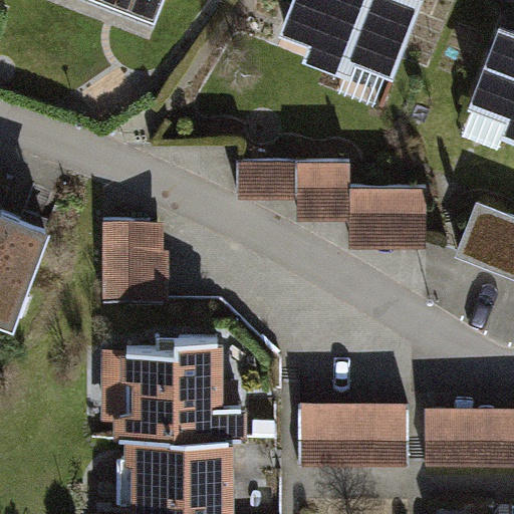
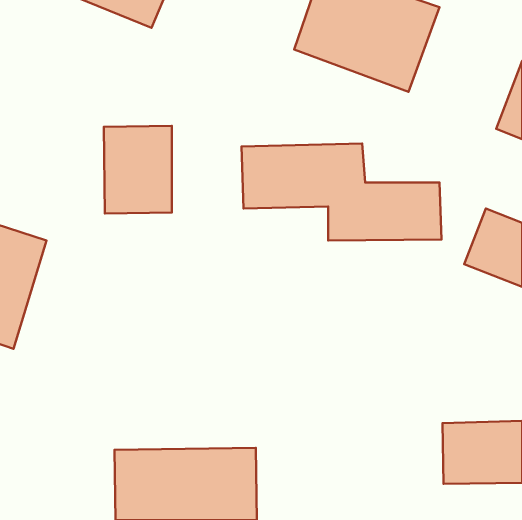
building: [100,220,167,305] -> [104,126,172,213]
building: [110,351,249,438] -> none
building: [297,405,410,475] -> none

